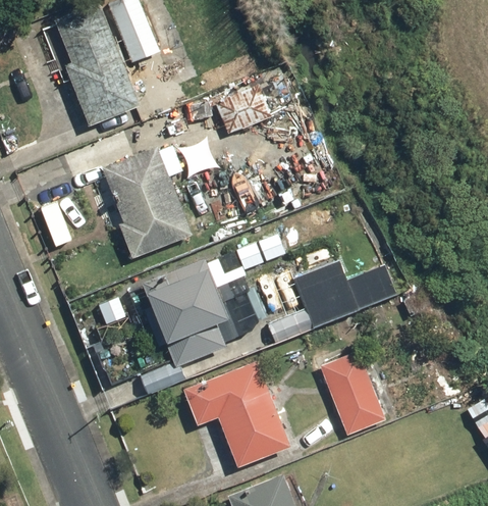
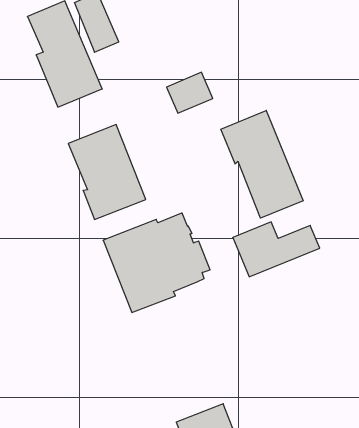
building: none -> [221,110,303,218]
building: [320,352,385,436] -> none
building: [184,361,291,468] -> none

